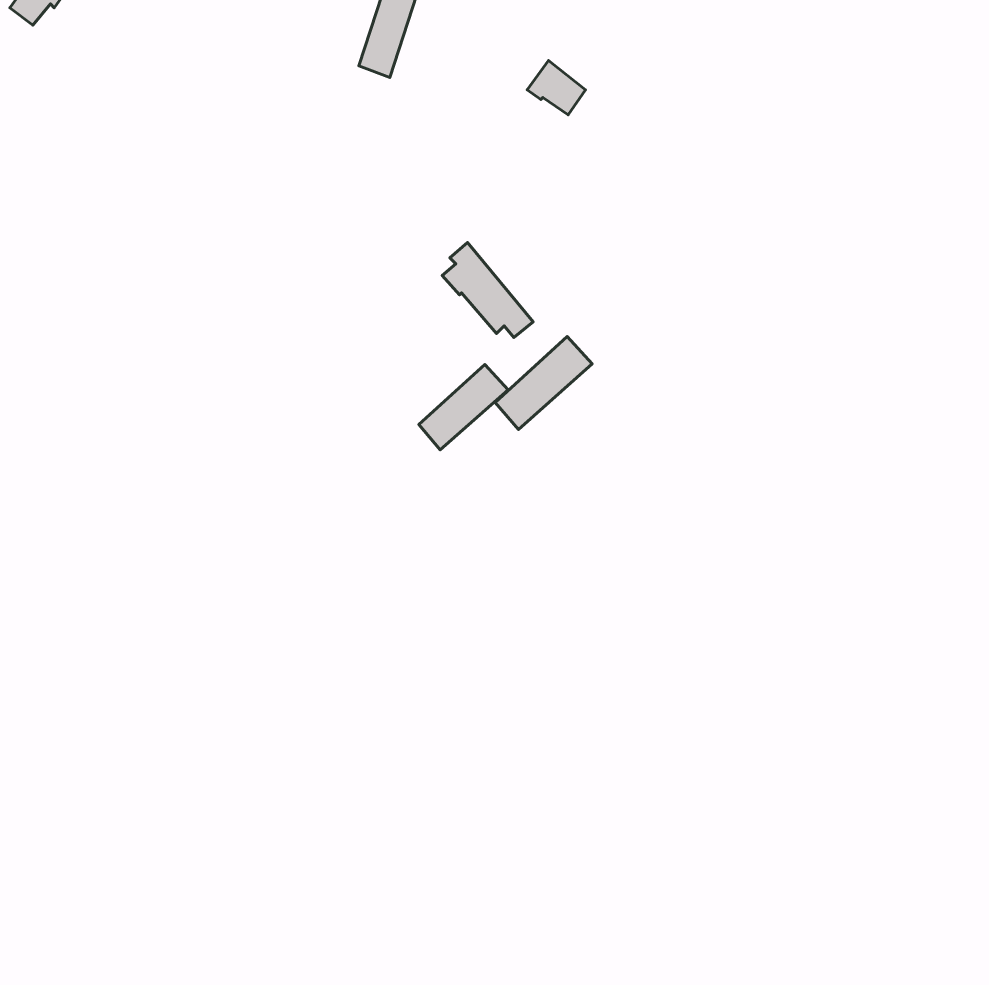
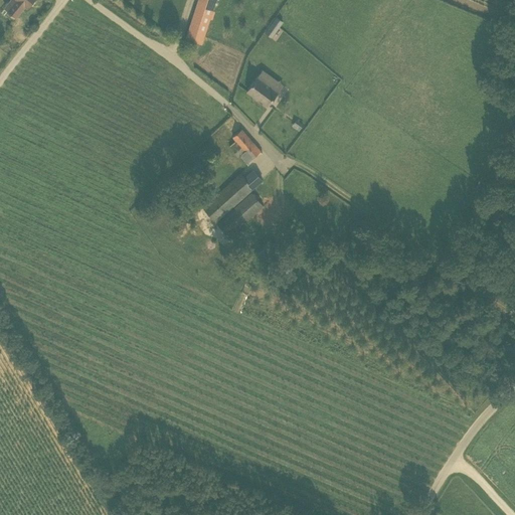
building: [527,61,585,115] -> [248,73,279,102]
building: [495,337,592,430] -> [204,170,254,218]

